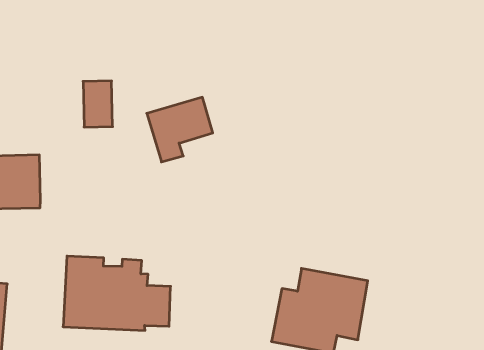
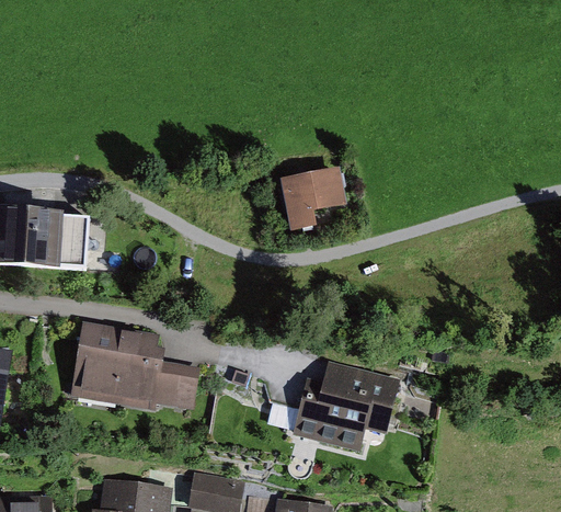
building: [83,81,113,127] -> [58,211,92,262]
building: [147,97,213,162] -> [279,170,348,236]

